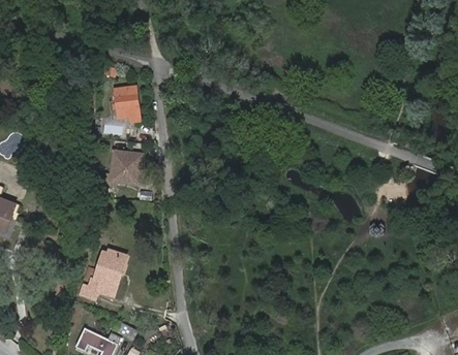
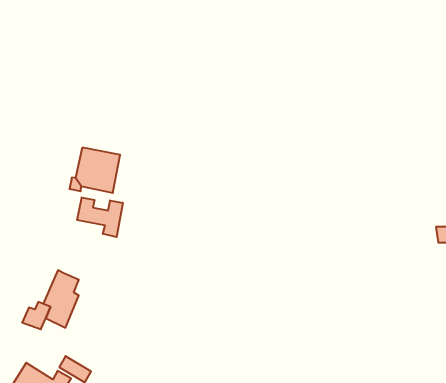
building: [113,86,139,121] -> none
building: none -> [77,197,123,237]

